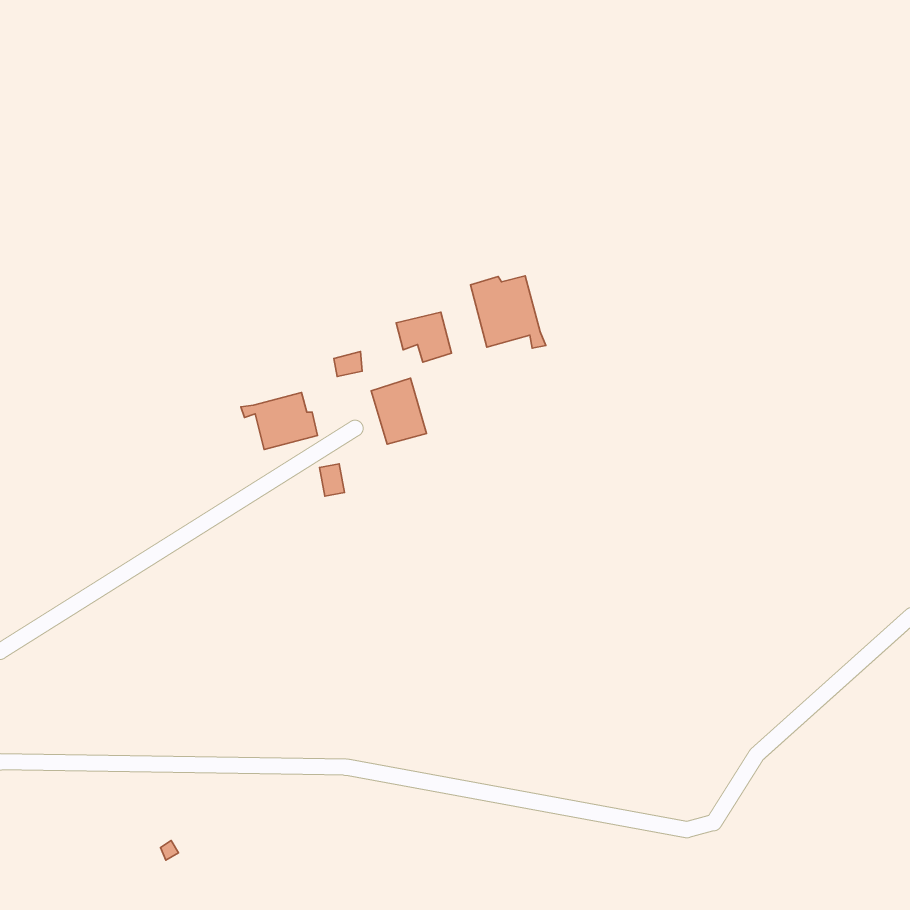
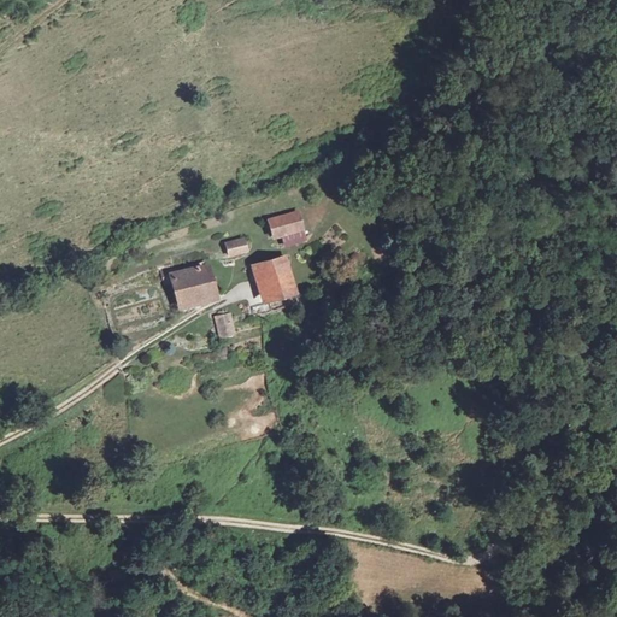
building: [471,276,546,348] -> none

